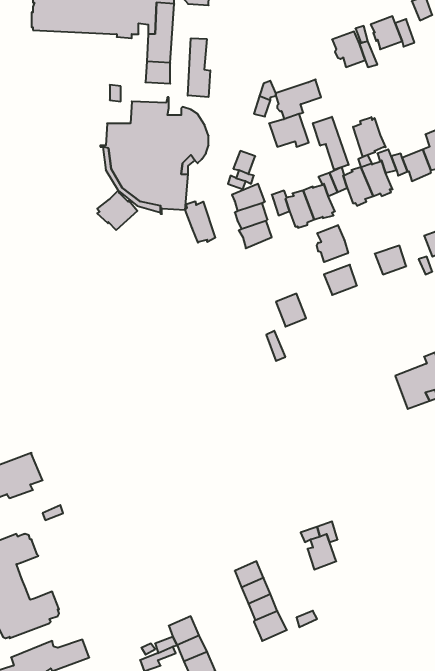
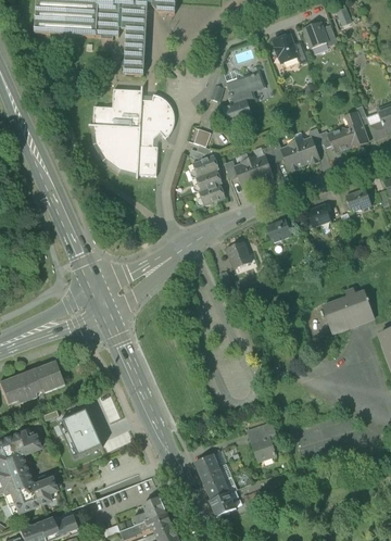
building: [188,38,210,97] -> none
building: [313,117,349,170] -> none
building: [353,117,386,157] -> none
building: [97,191,137,230] -> none
building: [185,201,215,243] -> none
building: [317,225,348,262] -> none
building: none -> [34,360,64,392]
building: none -> [58,410,102,458]

